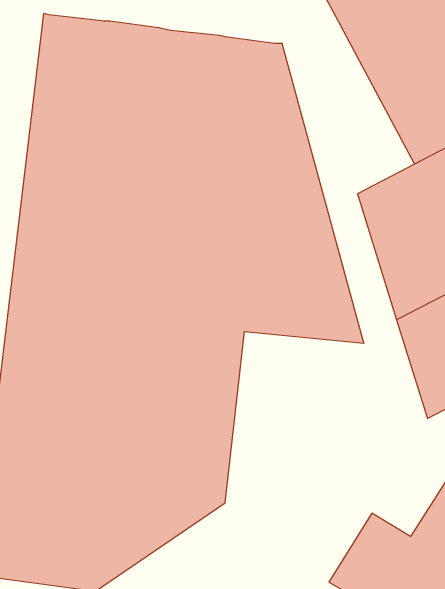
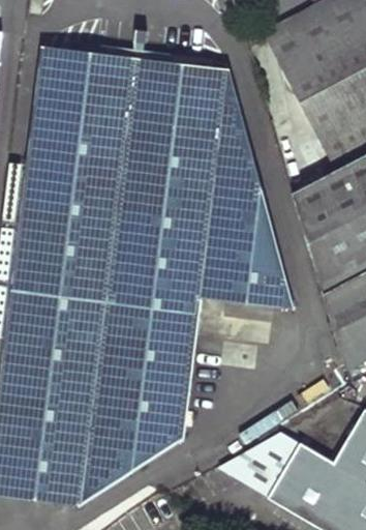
building: none -> [217,433,301,499]

